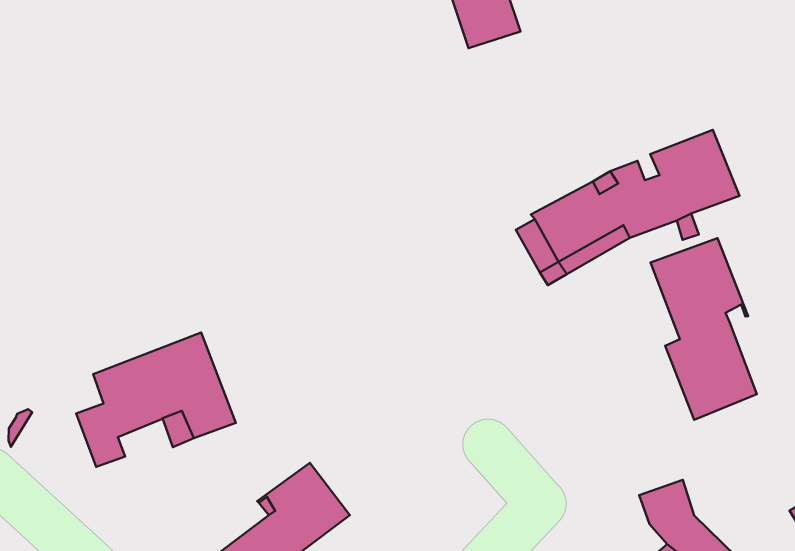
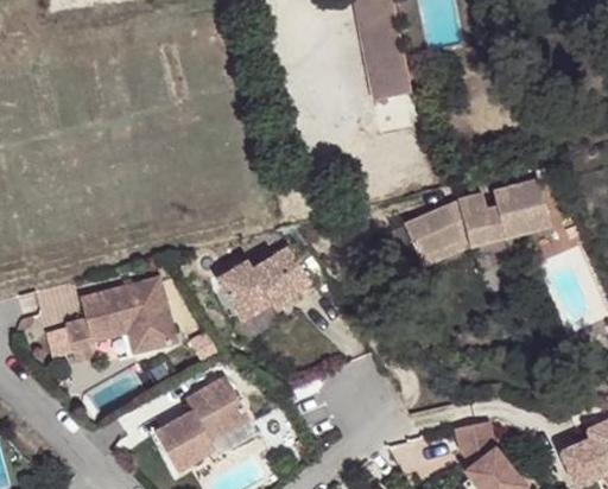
building: [651,238,757,420] -> none
building: none -> [216,247,311,320]

